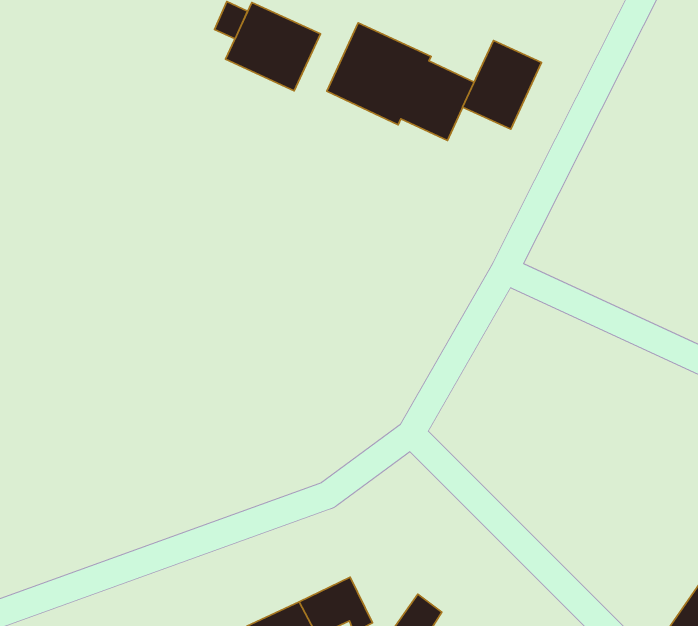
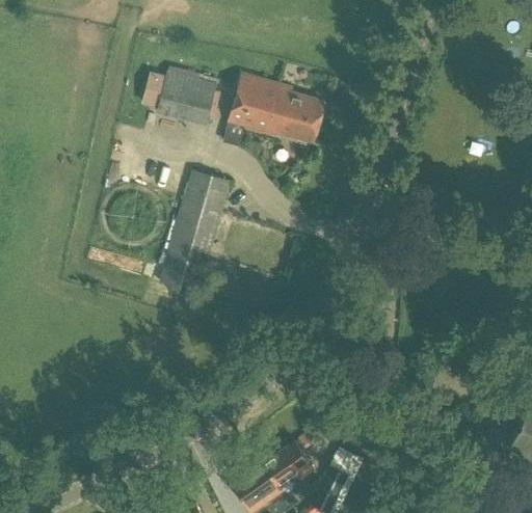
building: [463,41,542,129] -> none
building: none -> [160,170,229,292]

